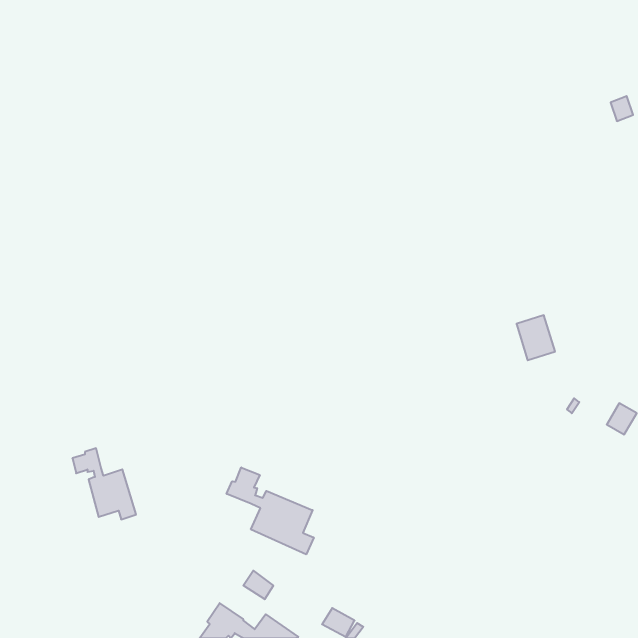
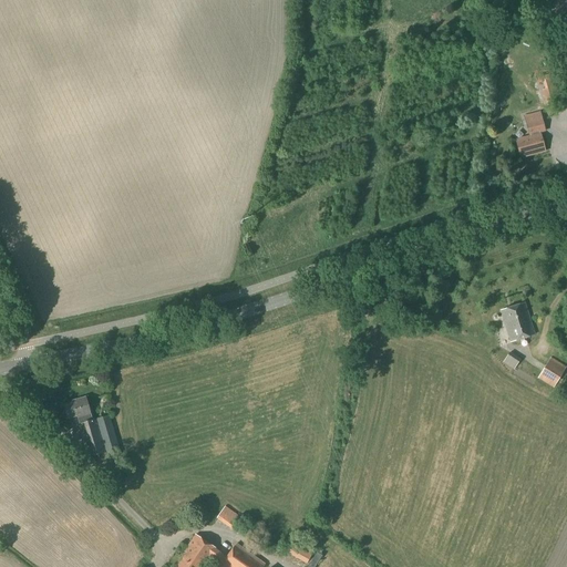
building: none -> [516,115,544,157]
building: [516,315,555,360] -> [501,301,535,341]
building: [227,467,314,554] -> none

